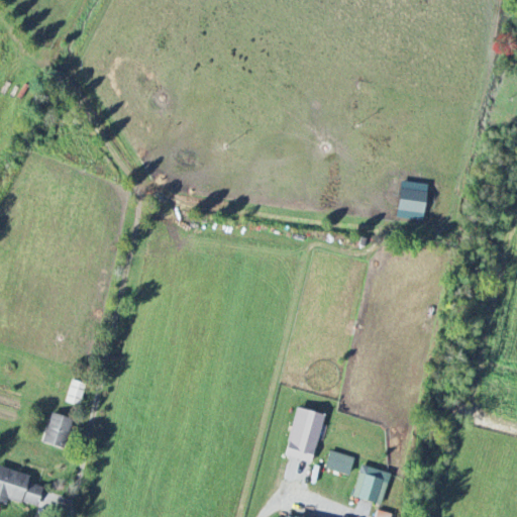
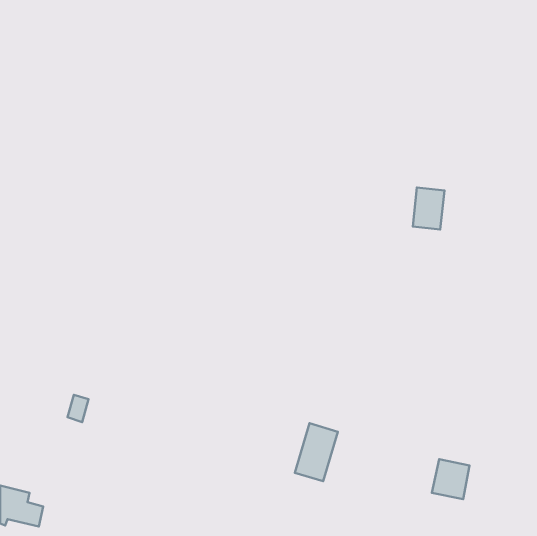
building: [43,412,72,447] -> none
building: [325,449,354,475] -> none
building: [353,464,390,503] -> [432,459,470,499]

